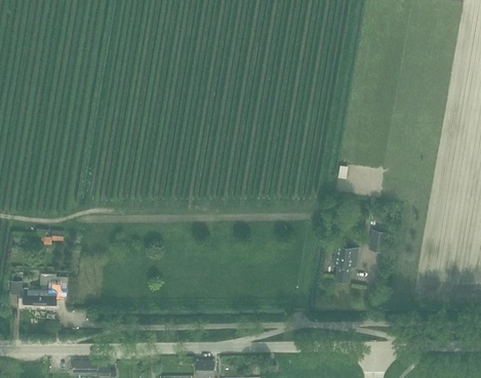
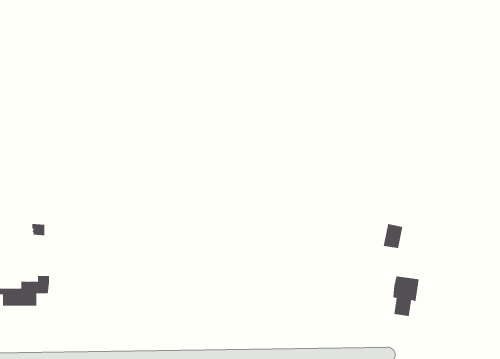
building: [333,245,358,282] -> [392,276,420,316]

